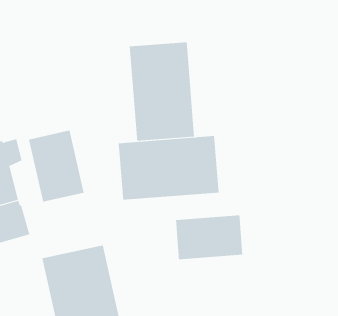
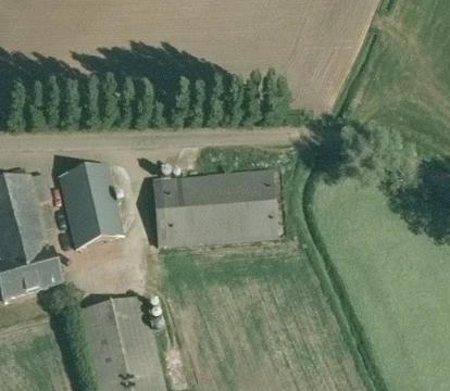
building: [129,42,195,141] -> none
building: [175,215,243,260] -> none

